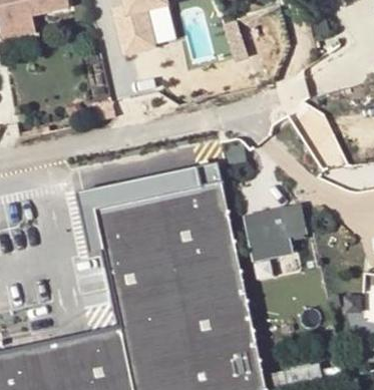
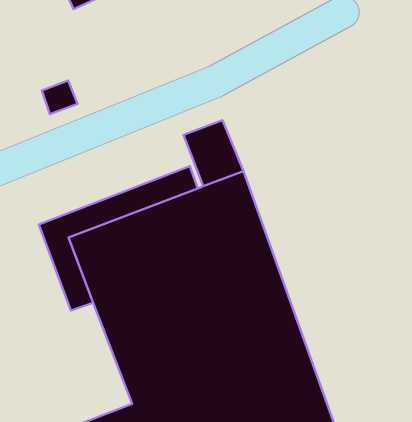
building: [246,209,302,259] -> none

